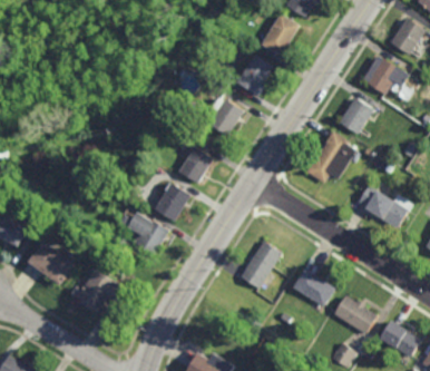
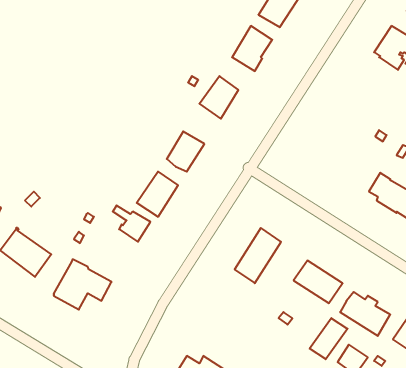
building: [338,99,373,136] -> none
building: [305,133,355,185] -> none
building: none -> [310,318,348,359]

